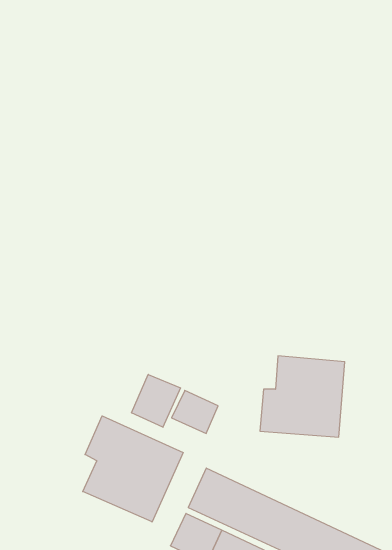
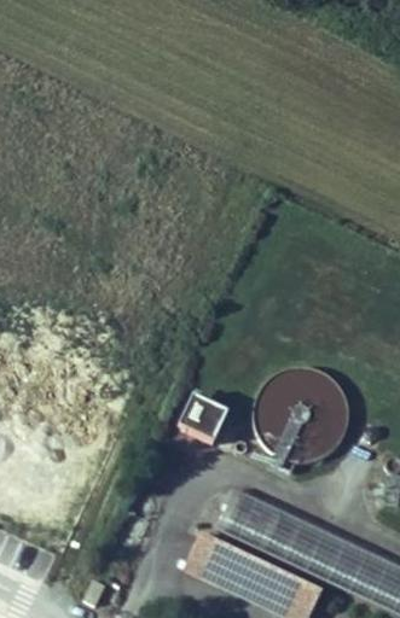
building: [132,374,180,427] -> none
building: [83,416,183,522] -> none

